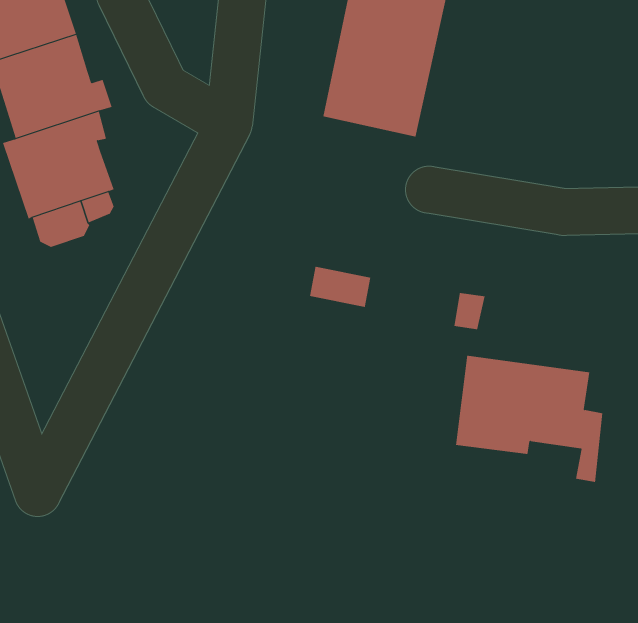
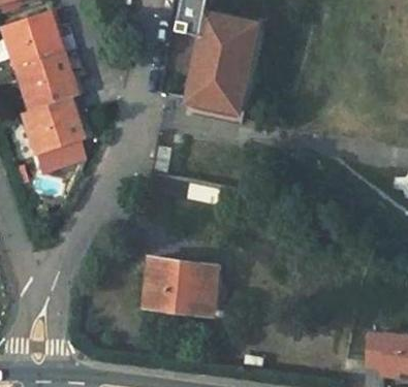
building: [455,355,603,483] -> [147,256,228,326]

